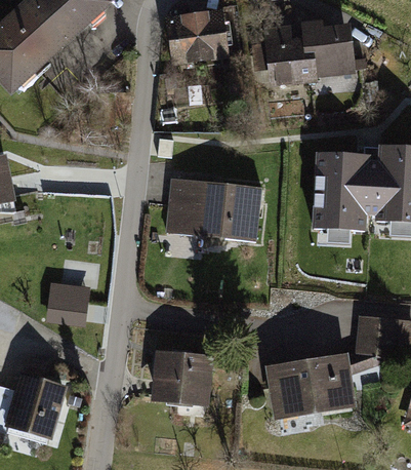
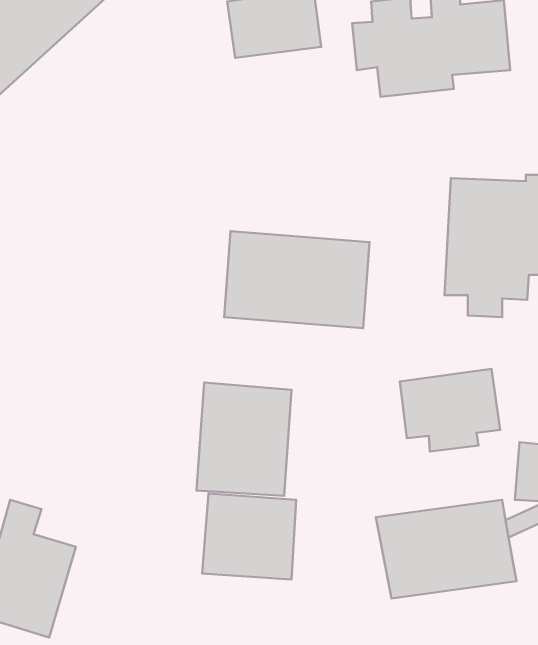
building: none -> [400,369,500,452]
building: none -> [197,383,292,496]
building: [44,278,89,322] -> none

